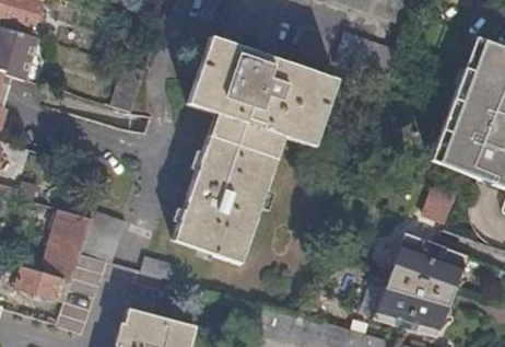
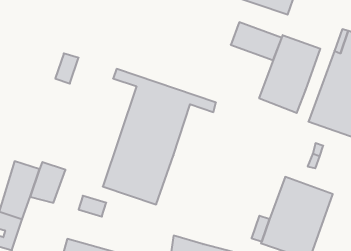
building: [192,38,338,136] -> none
building: none -> [259,35,320,113]

